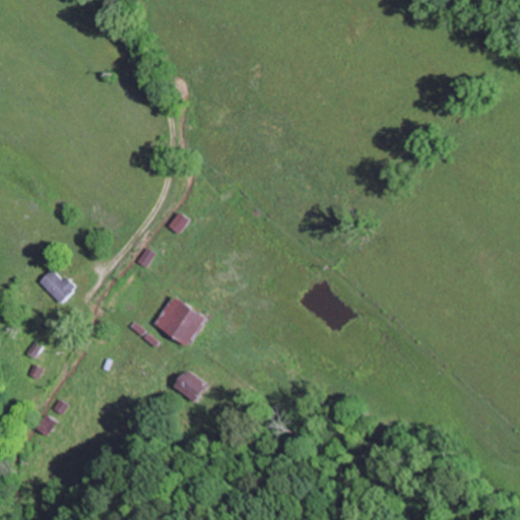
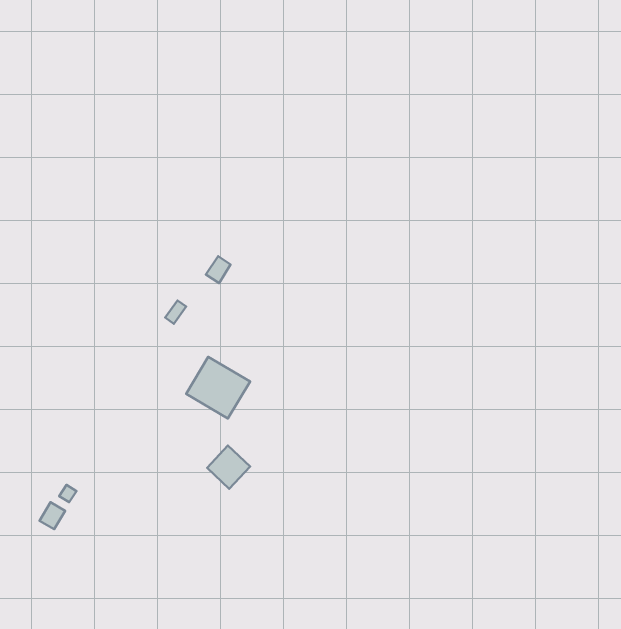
building: [40,270,76,304] -> none

